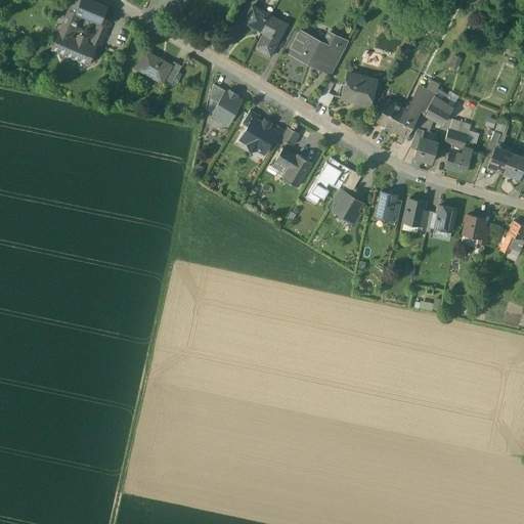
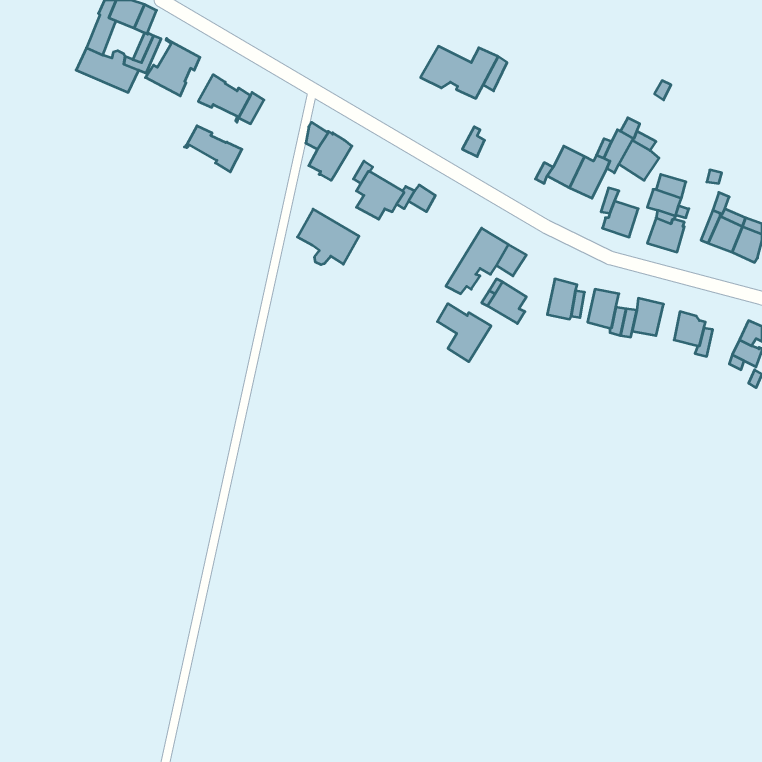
building: [244,7,287,57] -> none
building: none -> [145,38,200,96]
building: [341,74,375,105] -> none
building: none -> [184,126,242,172]
building: none -> [297,209,359,265]
building: [275,147,312,187] -> [437,304,491,362]

